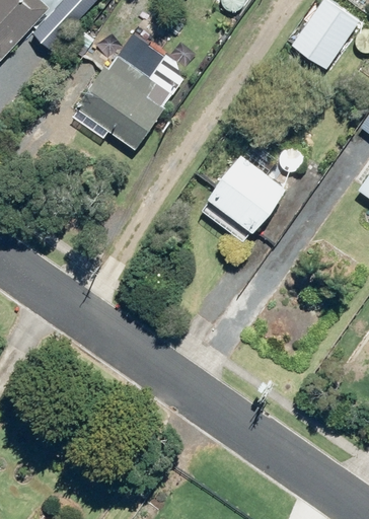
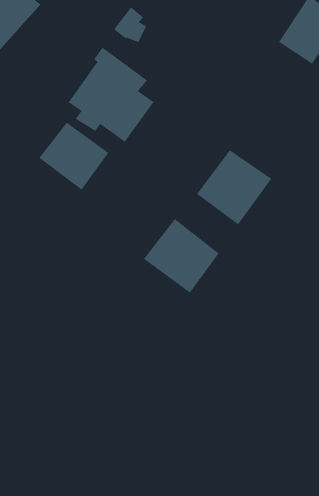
building: none -> [38,122,109,190]
building: none -> [143,218,220,294]

